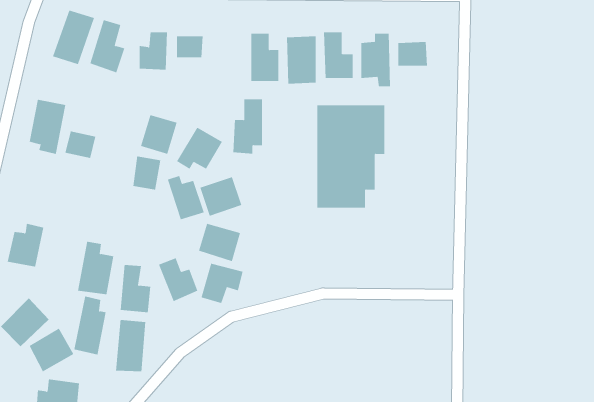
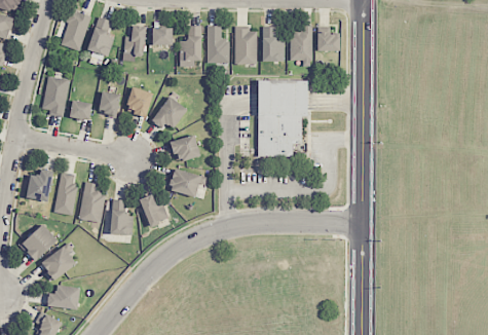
building: [233,99,263,154] -> [179,26,201,67]
building: [132,156,161,190] -> [99,91,120,117]
building: [167,175,204,220] -> none
building: [201,263,243,304] -> none
building: [74,296,107,355] -> [53,172,78,216]
building: [116,319,146,372] -> none

